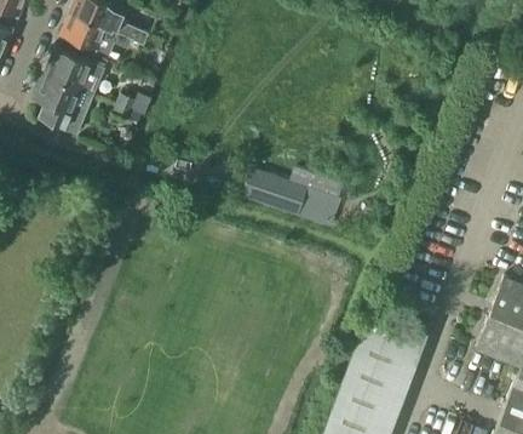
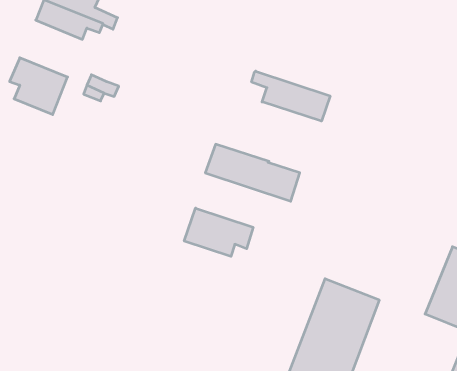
building: [45,48,107,96] -> none
building: none -> [252,71,330,121]
building: none -> [184,208,253,256]

